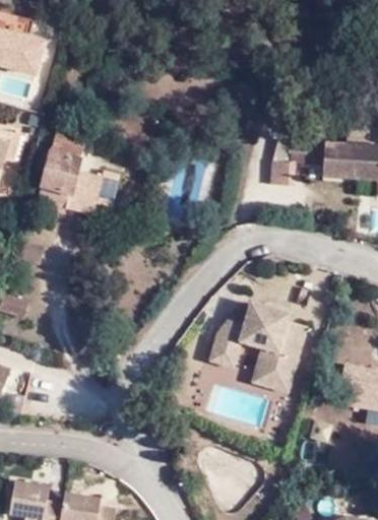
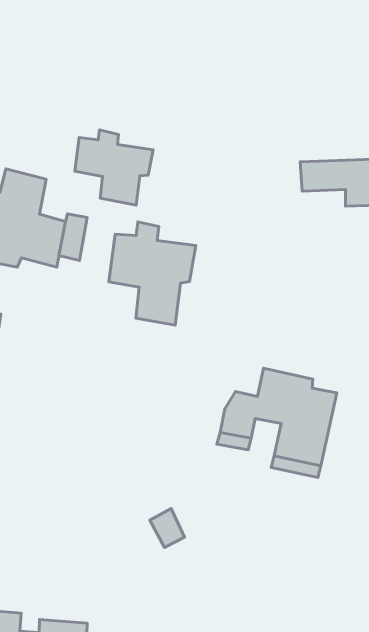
building: none -> [75,130,153,205]
building: none -> [109,222,196,325]

